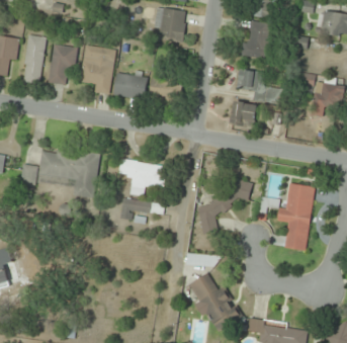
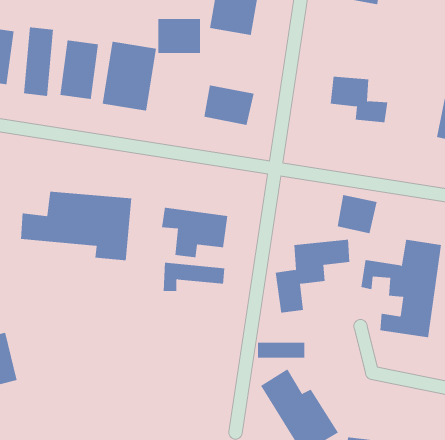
building: [242,20,272,59] -> none
building: [115,72,146,96] -> [157,18,201,53]
building: [230,100,258,127] -> [337,194,377,234]

